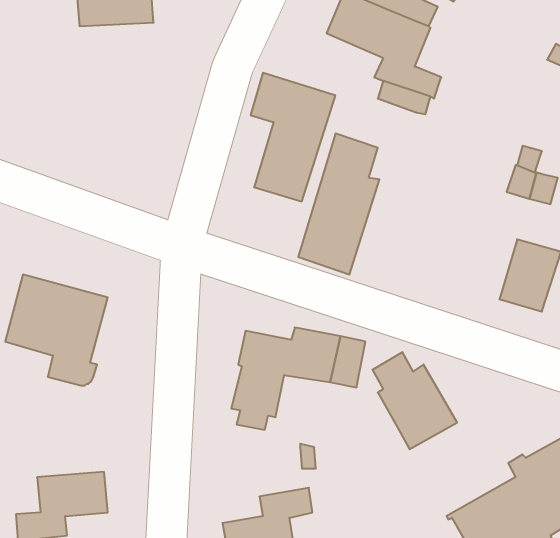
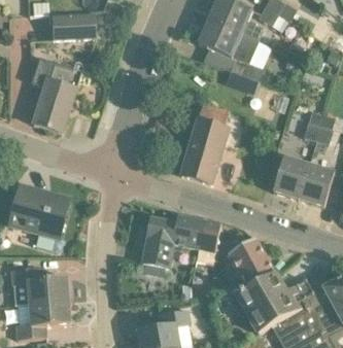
building: [251,73,335,201] -> [31,57,80,132]
building: none -> [272,155,308,199]
building: none -> [10,267,67,305]
building: none -> [234,271,311,334]

